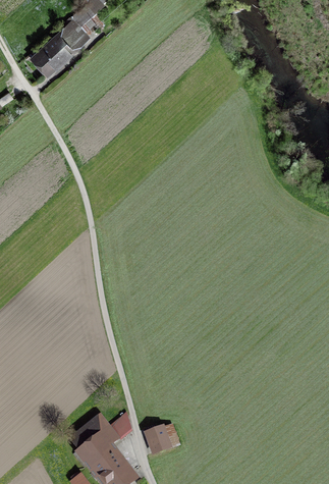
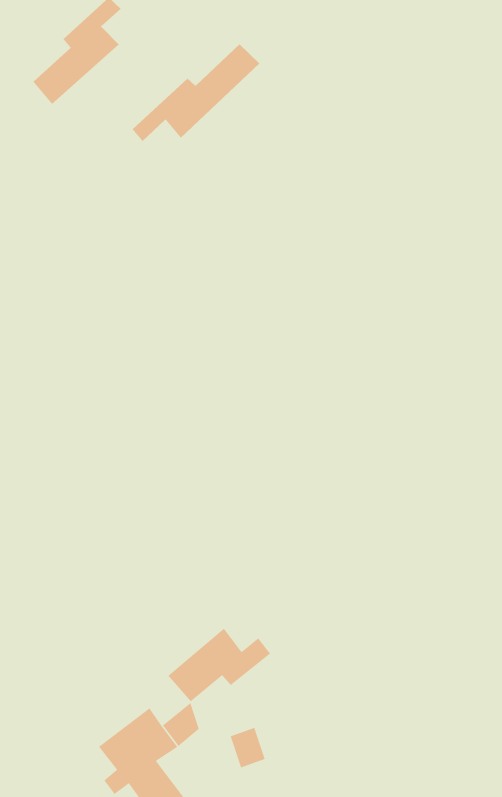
building: none -> [132,44,260,142]
building: none -> [168,628,271,702]

